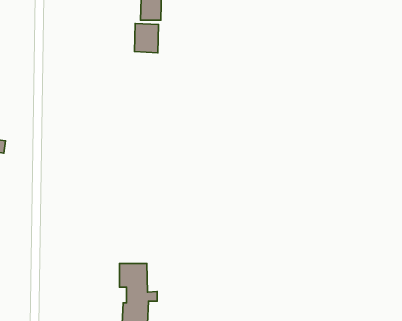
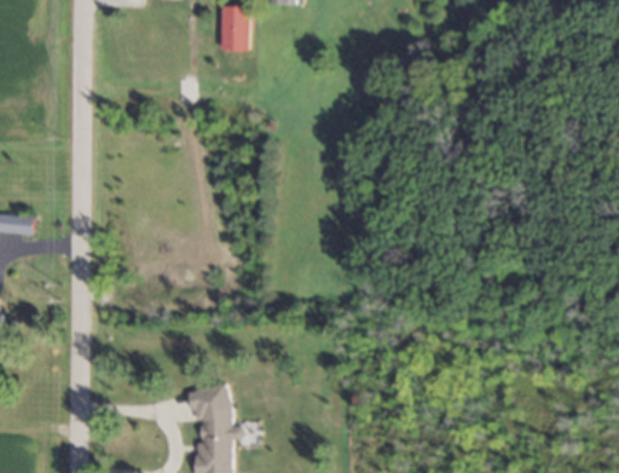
building: [134,23,159,53] -> none

